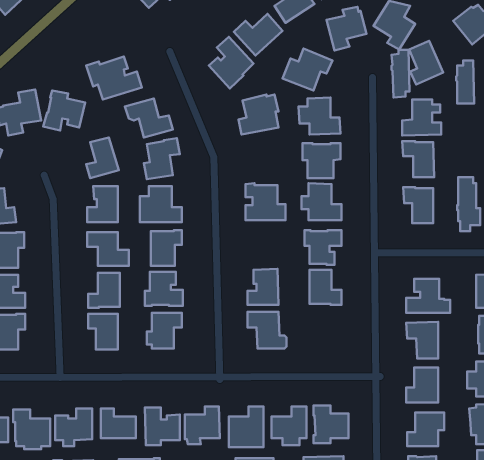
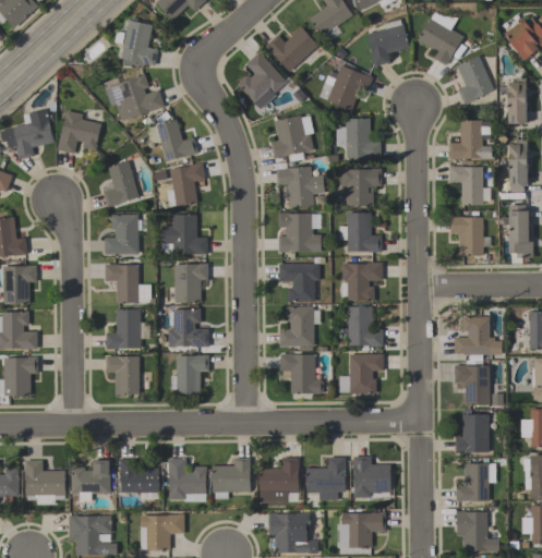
building: none -> [121,19,158,66]
building: [391,50,409,98] -> [509,141,529,193]
building: none -> [277,167,325,208]
building: none -> [279,264,320,303]
building: none -> [339,354,383,393]

